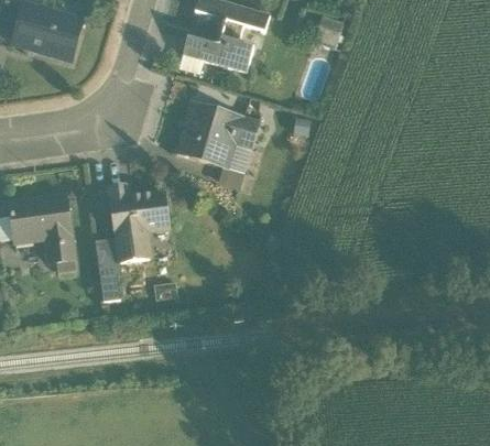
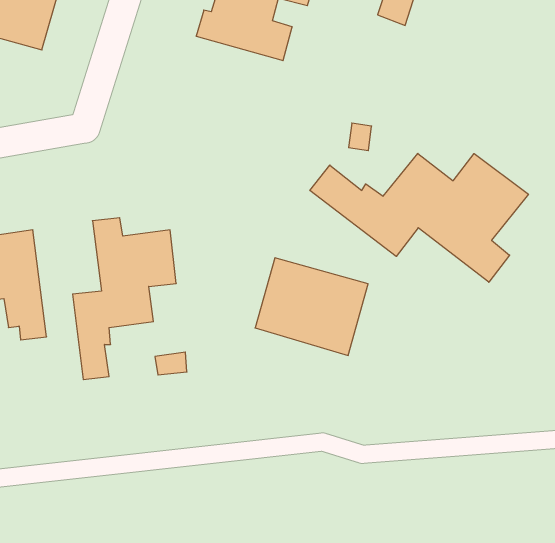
building: [176,102,258,173] -> [255,258,368,355]
building: none -> [310,153,528,282]

